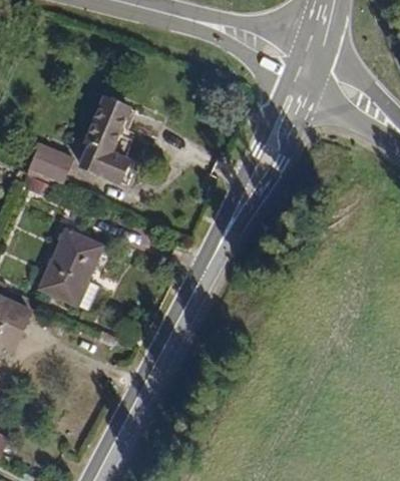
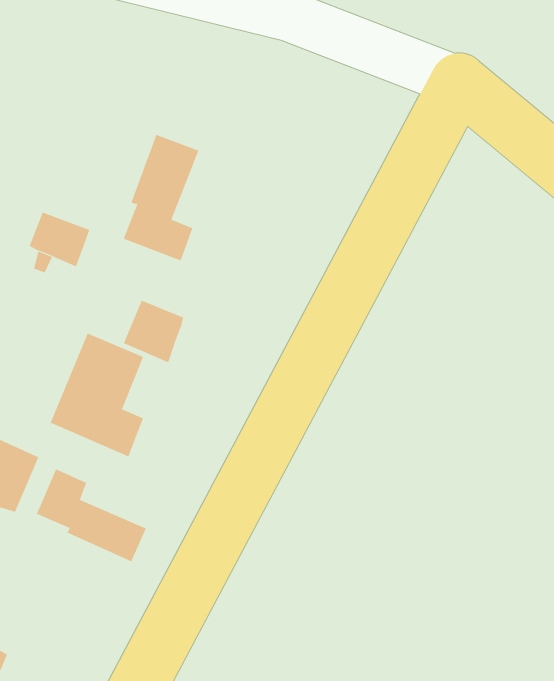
building: none -> [123,300,184,363]
building: none -> [36,468,146,562]

